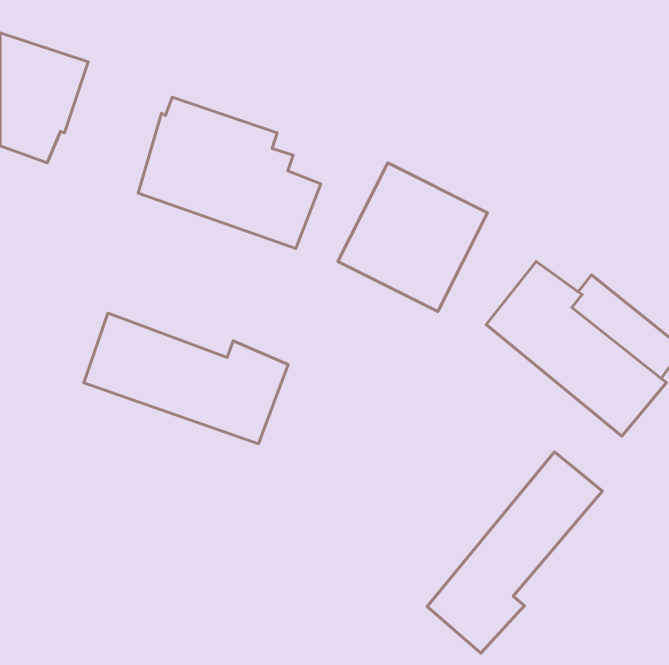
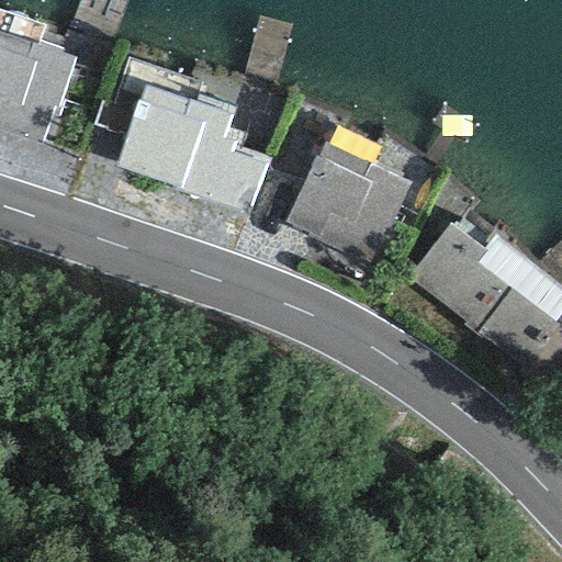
building: [84,313,288,444] -> none
building: [427,452,603,653] -> none

